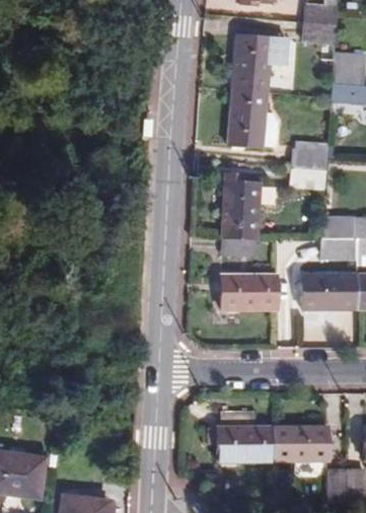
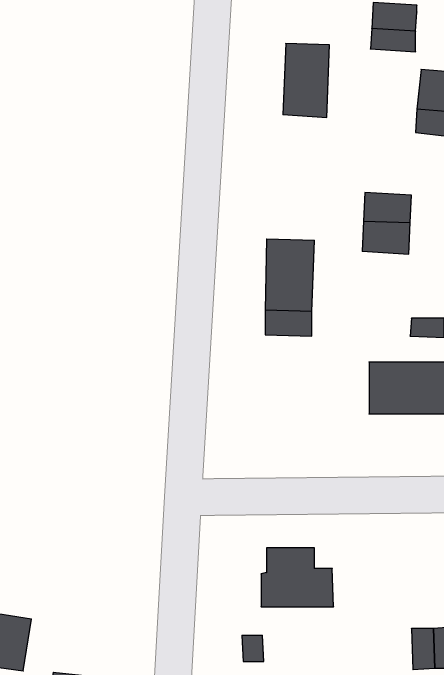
building: [232,88,267,141] -> none
building: [219,276,279,309] -> none
building: [271,425,321,453] -> none

